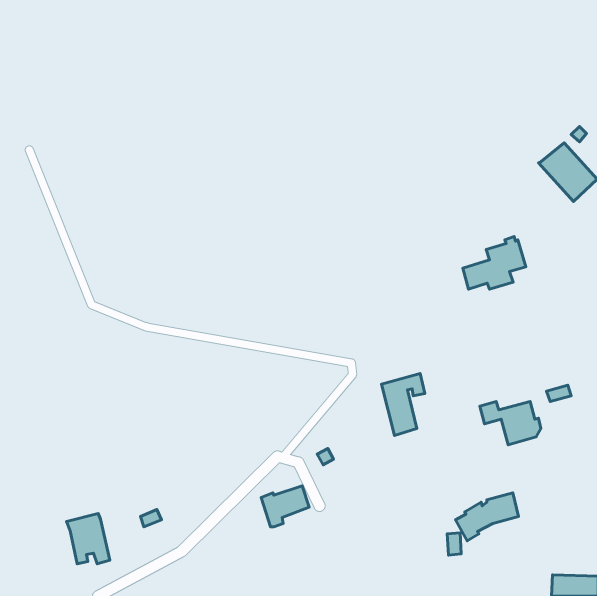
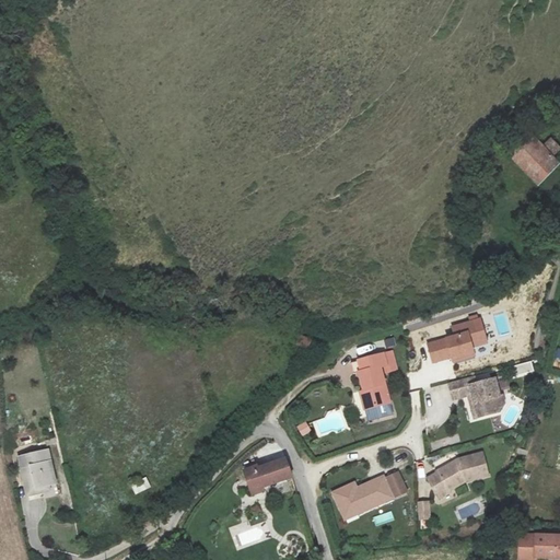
building: [463,236,526,289] -> [430,312,489,361]
building: none -> [335,467,406,516]
building: [67,513,110,564] -> [15,455,56,502]

